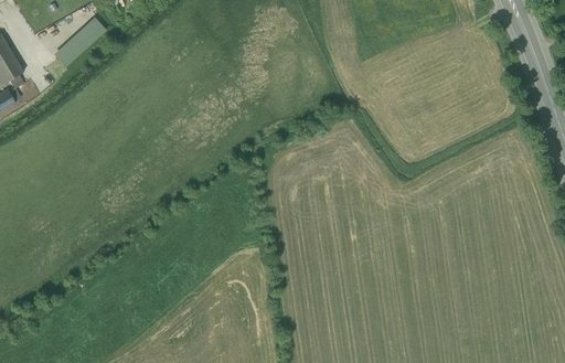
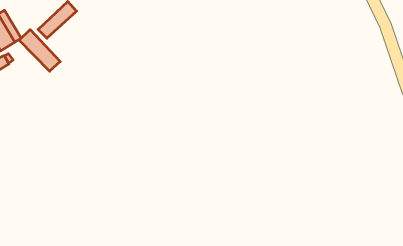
building: none -> [19,30,60,71]

